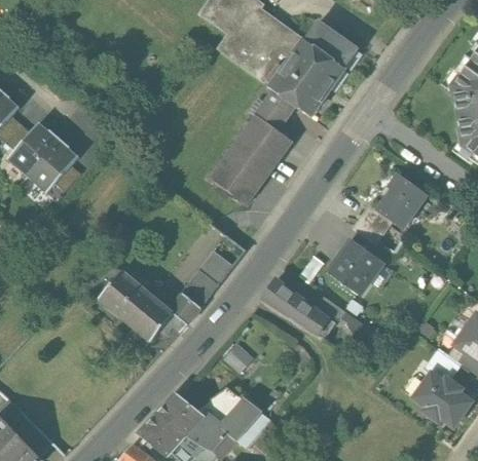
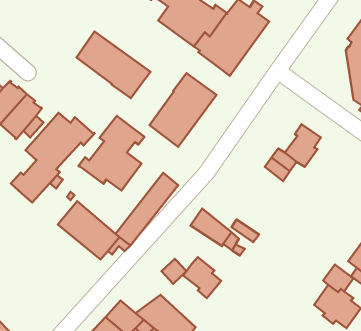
building: none -> [76,31,150,98]
building: [256,89,296,129] -> none
building: none -> [11,113,94,203]
building: none -> [79,116,145,191]
building: [328,239,377,293] -> none
building: none -> [183,257,221,298]

